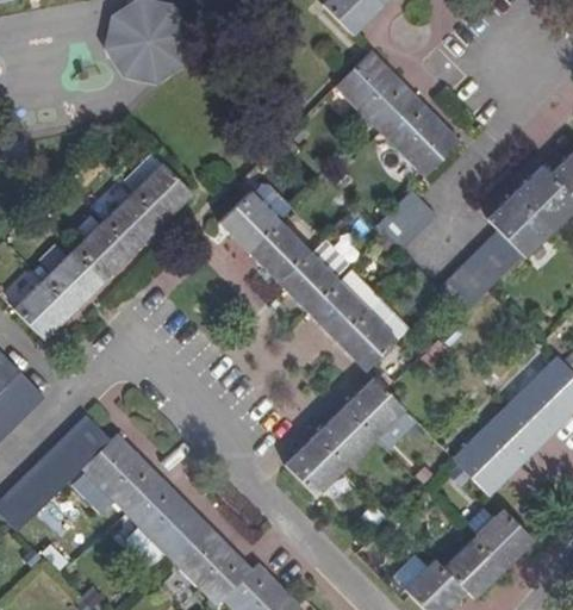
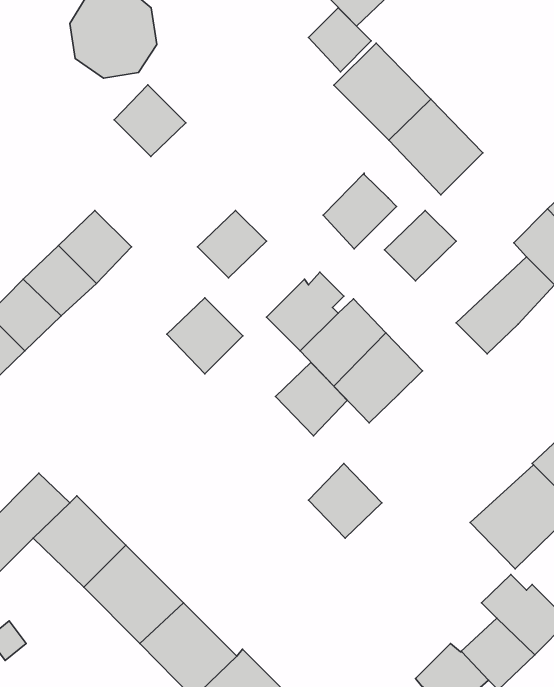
building: none -> [309,8,371,72]
building: none -> [323,173,397,249]
building: [132,162,193,223] -> [114,85,186,157]
building: [245,218,310,282] -> [167,298,243,374]
building: [343,378,404,440] -> [276,363,347,436]
building: [285,437,344,497] -> none

